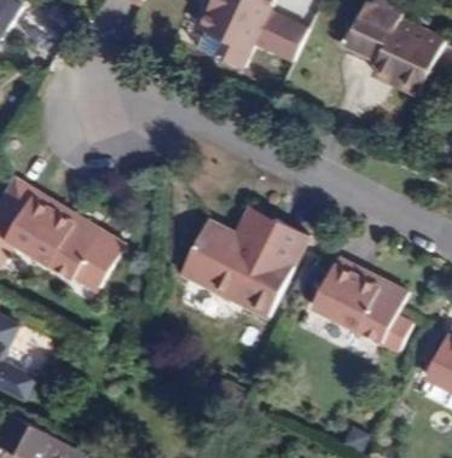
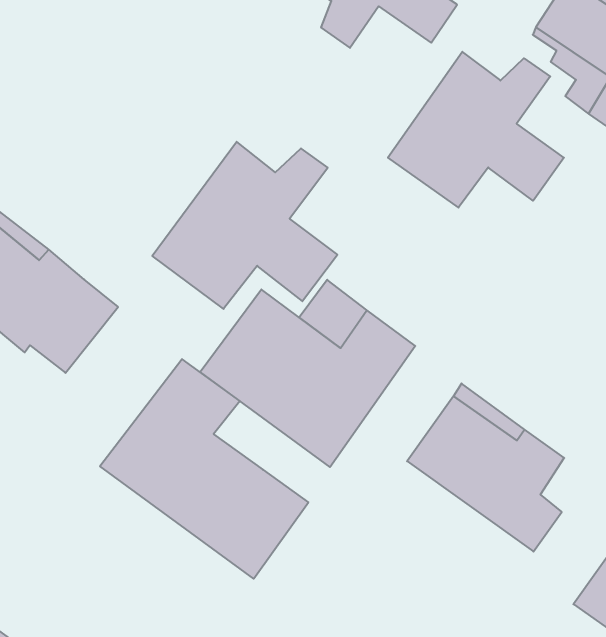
building: none -> [388,52,564,208]
building: none -> [152,142,337,309]
building: none -> [100,359,308,579]

